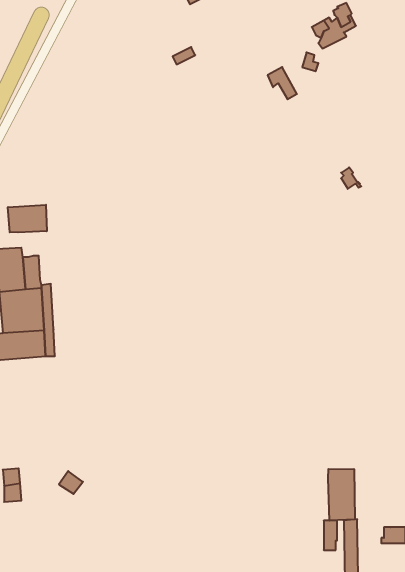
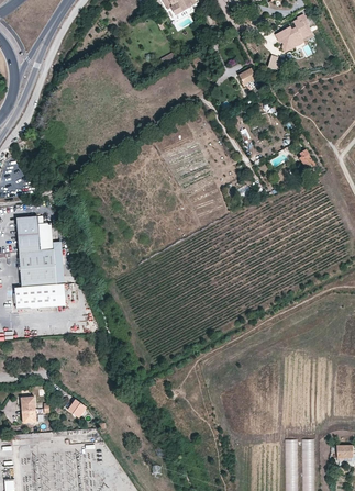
building: [8,205,47,232] -> none
building: [328,469,355,521] -> none

